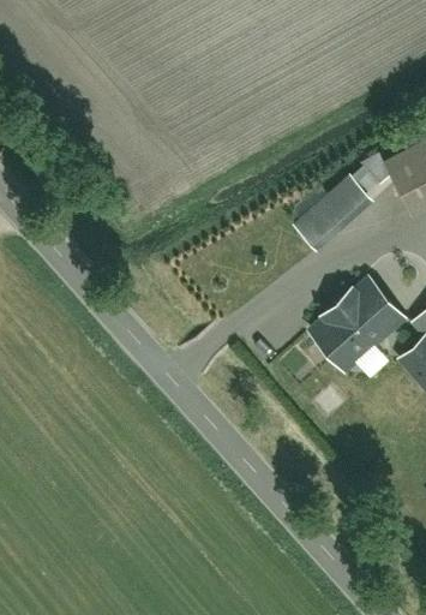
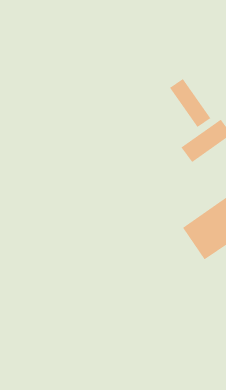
building: none -> [169,78,211,128]

